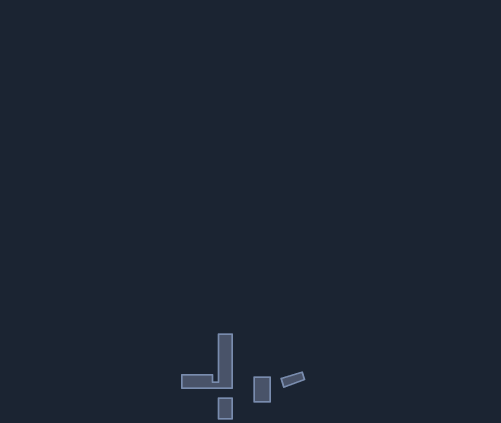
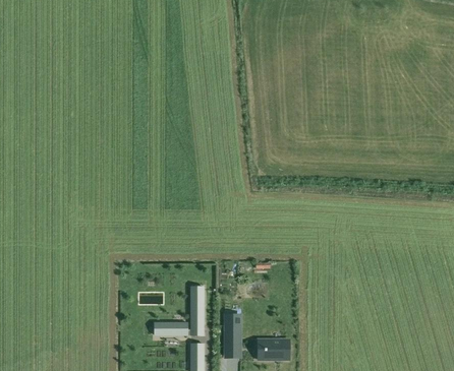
building: none -> [261,342,286,358]

